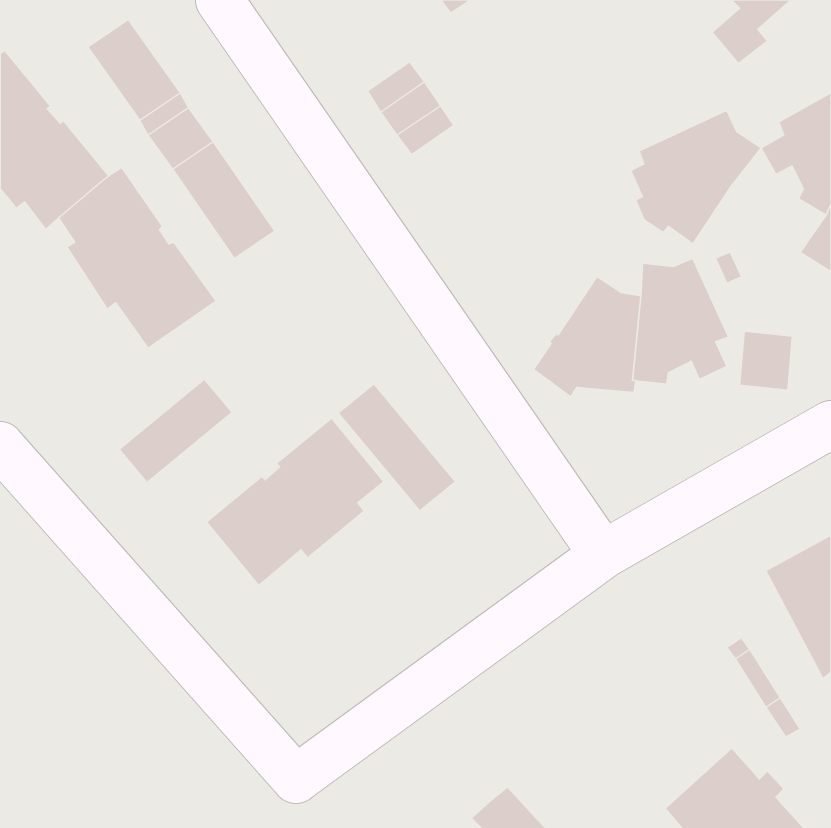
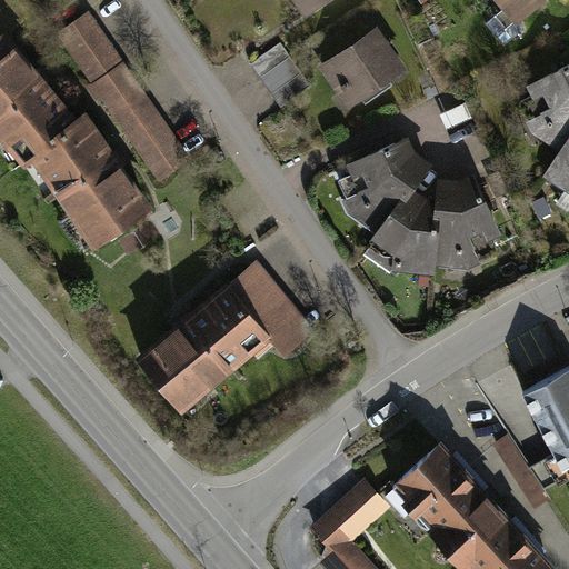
building: none -> [327,33,400,100]
building: [631,111,761,244] -> [339,140,428,231]
building: [740,331,792,390] -> none
building: [119,379,232,483] -> none
building: none -> [386,447,500,555]
building: none -> [316,485,383,550]

